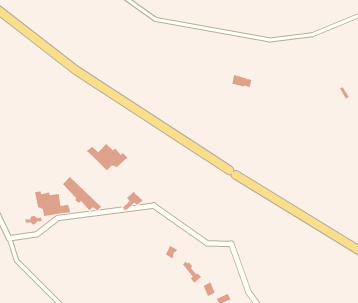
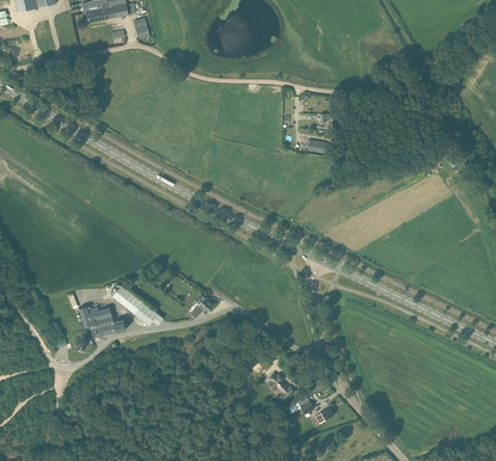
building: [86,143,128,171] -> none

